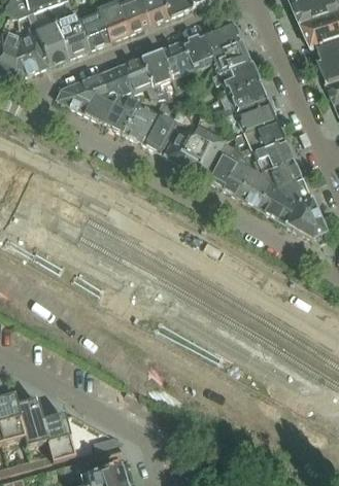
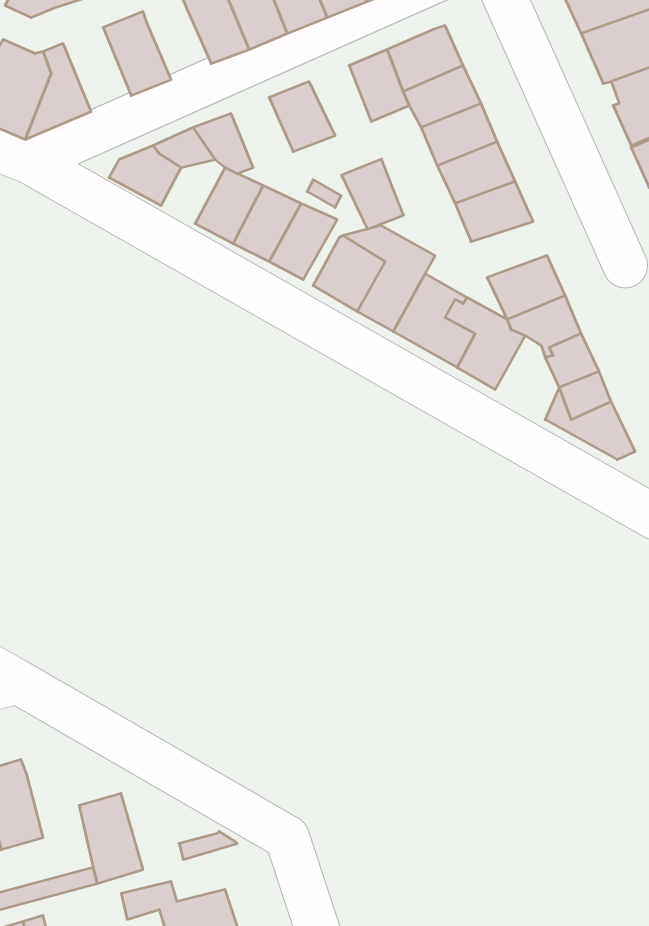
building: [78,10,111,46] -> none
building: [35,19,70,63] -> none
building: [162,39,194,75] -> [342,159,404,229]
building: [122,56,154,92] -> none
building: [86,88,118,120] -> none
building: [245,119,284,148] -> none
building: [258,178,291,221] -> none
building: [16,400,47,445] -> none

